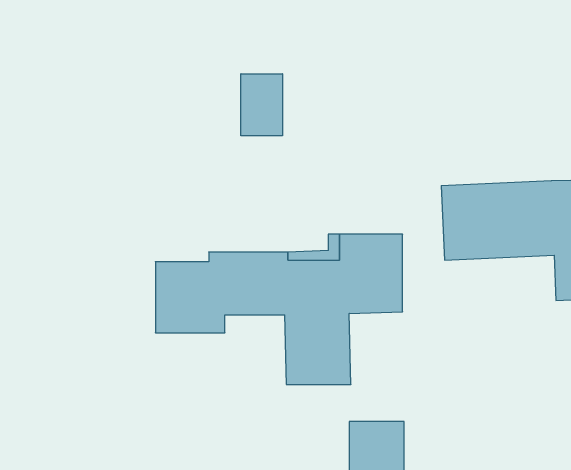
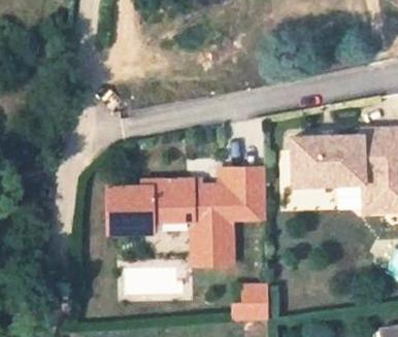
building: [241,74,282,136] -> none

